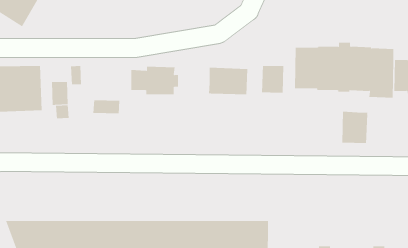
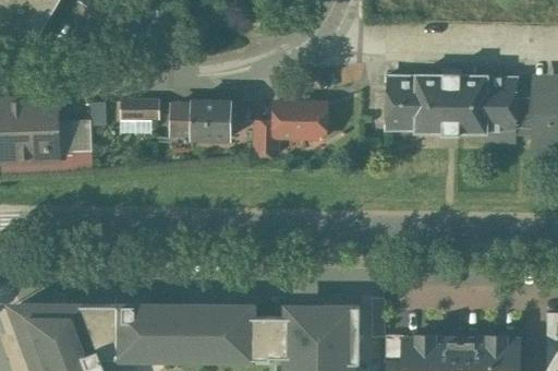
building: [261,65,284,94] -> none
building: none -> [254,123,276,156]
building: [93,100,120,114] -> [121,100,157,119]
building: [342,111,368,144] -> none

